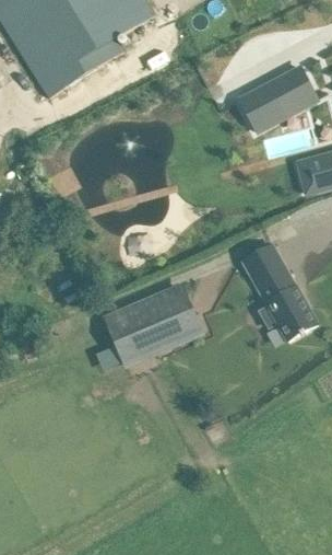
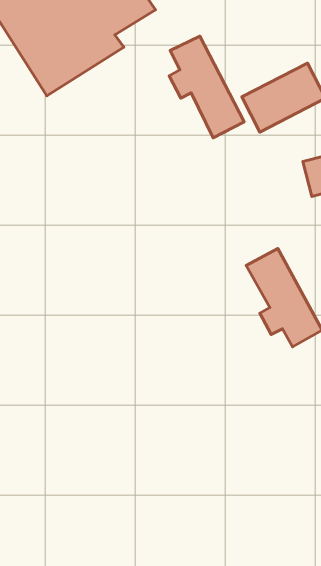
building: none -> [169,36,244,138]
building: [104,280,199,355] -> none

